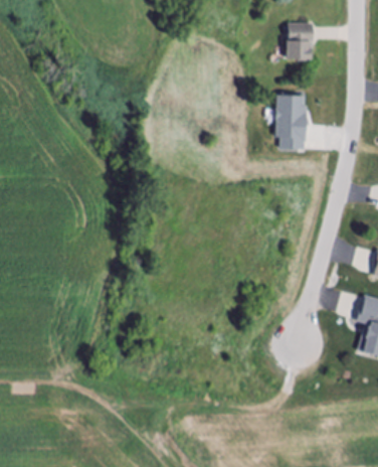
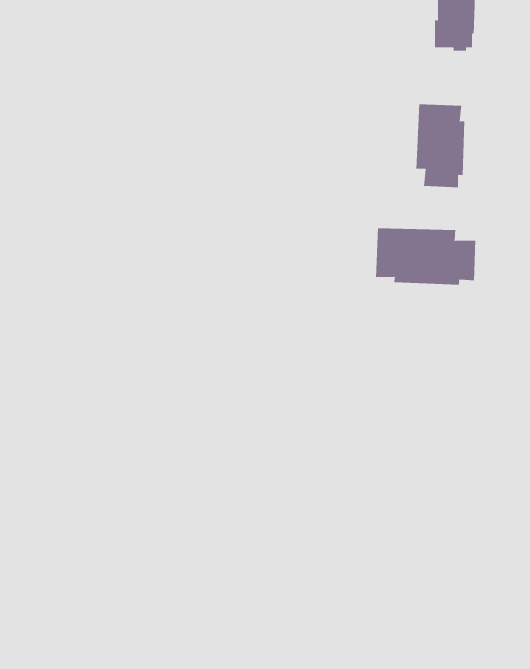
building: none -> [376,227,476,286]

